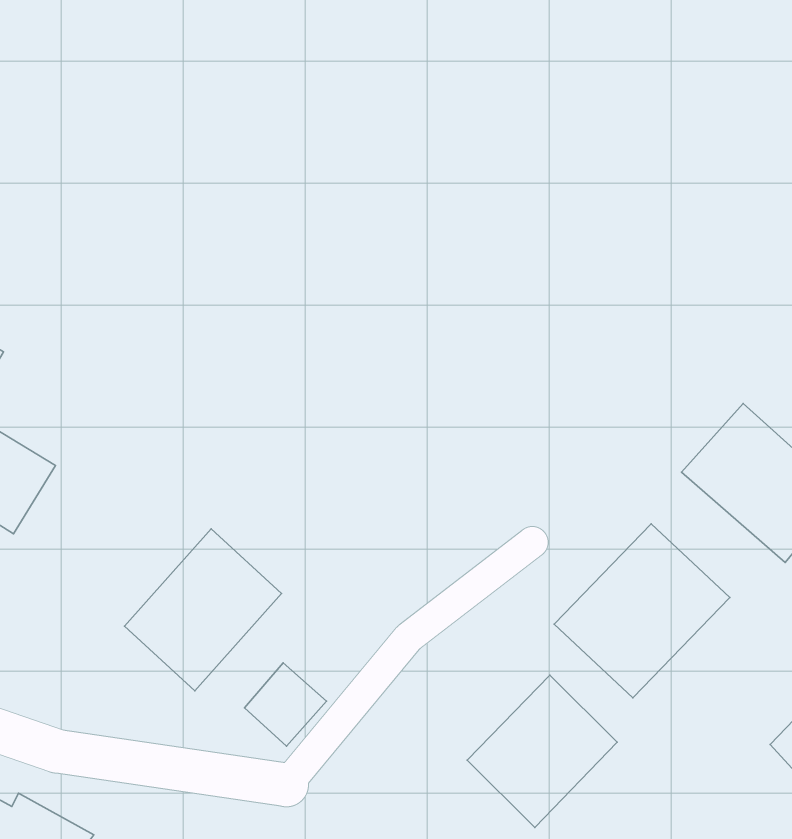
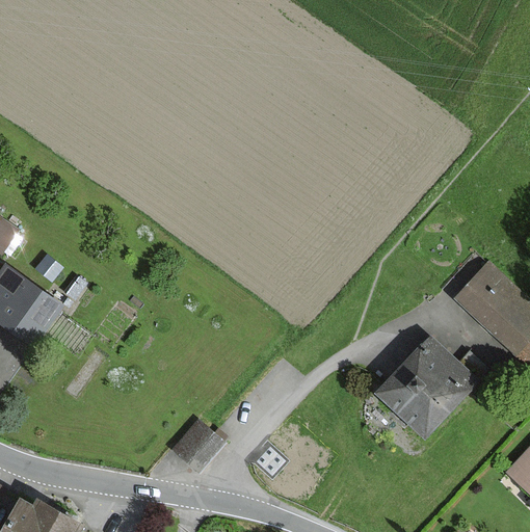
building: [124,529,281,691] -> none
building: [467,675,617,827] -> none

